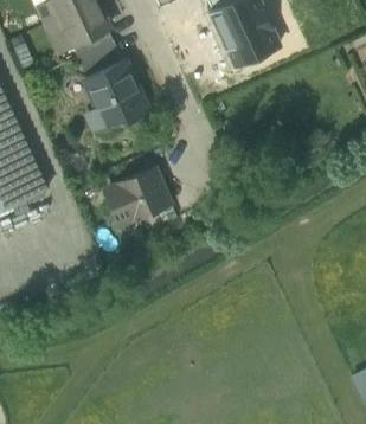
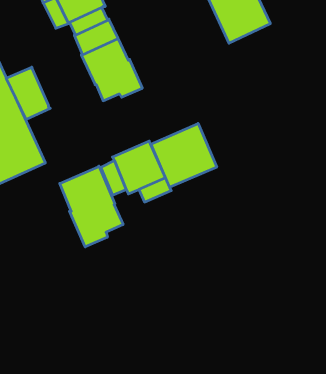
building: none -> [6,67,50,119]
building: none -> [151,123,217,187]
building: none -> [60,166,123,247]

